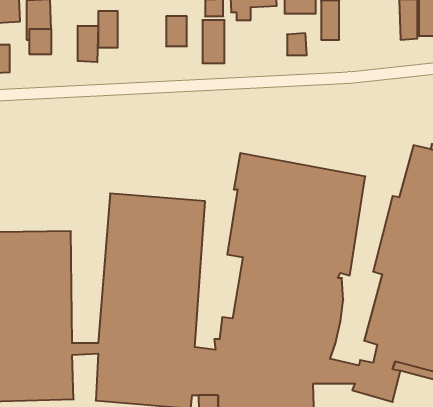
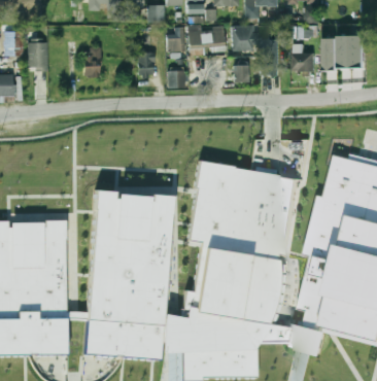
building: none -> [294,53,315,70]
building: [78,26,98,62] -> none

